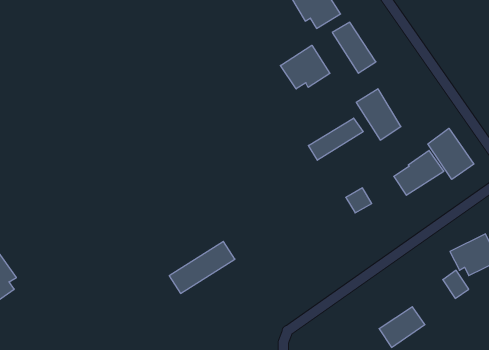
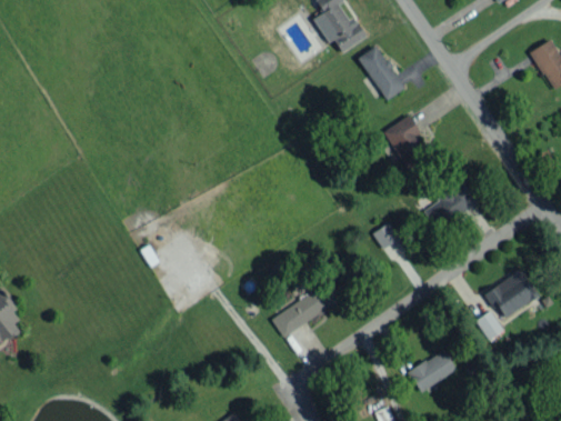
building: [280,45,330,89] -> none
building: [308,118,363,160] -> none
building: [428,128,474,179] -> none
building: [169,241,235,293] -> [272,282,342,338]

